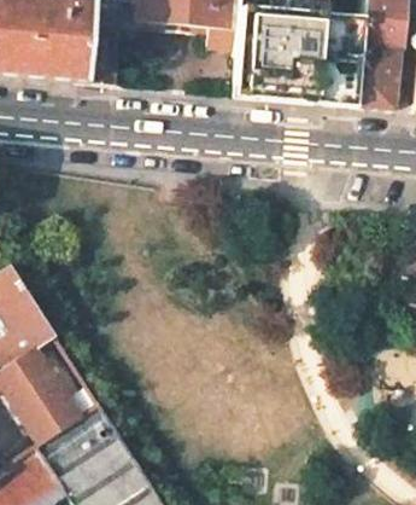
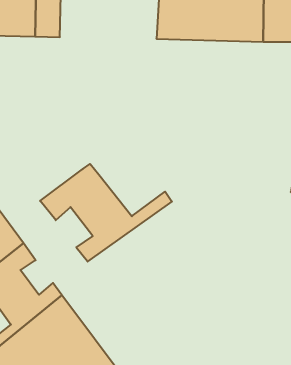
building: none -> [40,164,172,262]

